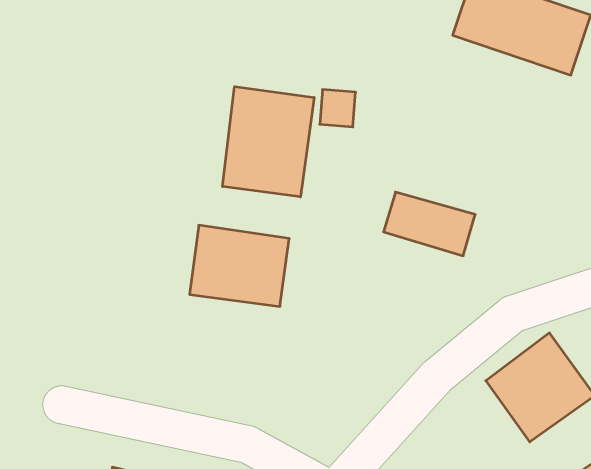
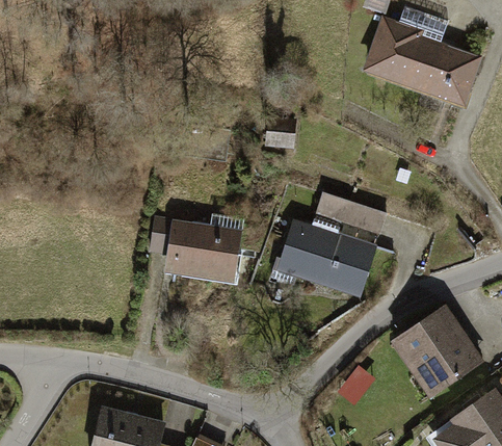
building: [223,87,314,197] -> none
building: none -> [281,219,376,296]

